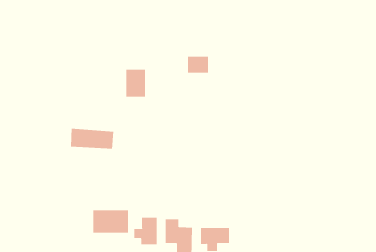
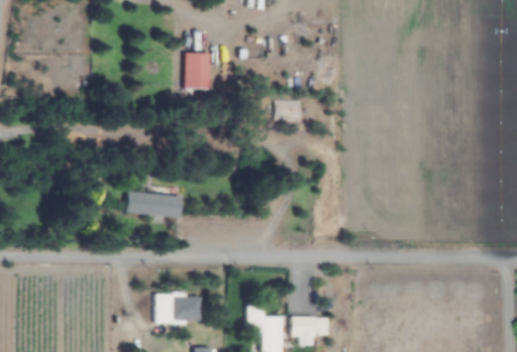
building: [126,69,146,97] -> [185,52,210,88]
building: [134,217,157,245] -> none

